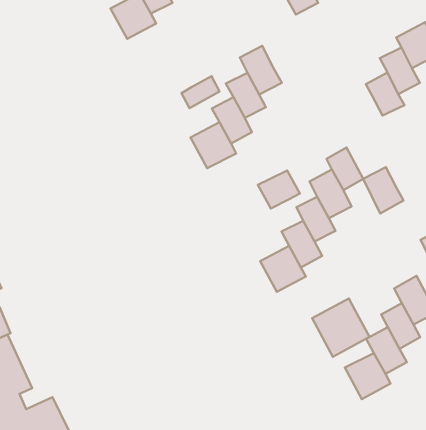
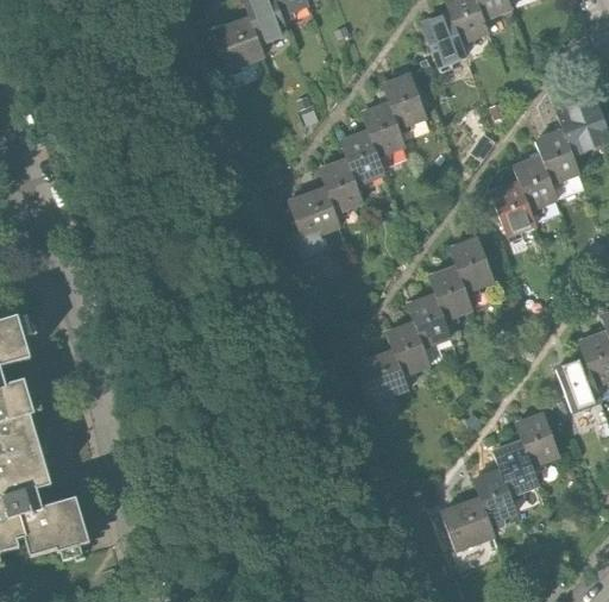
building: none -> [385,75,428,127]
building: [182,76,220,108] -> none
building: [363,167,404,213] -> [489,180,535,236]
building: [258,170,300,209] -> none
building: [312,298,369,357] -> none

